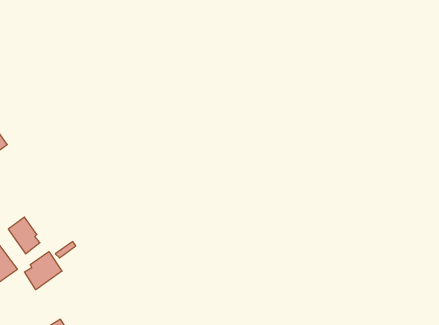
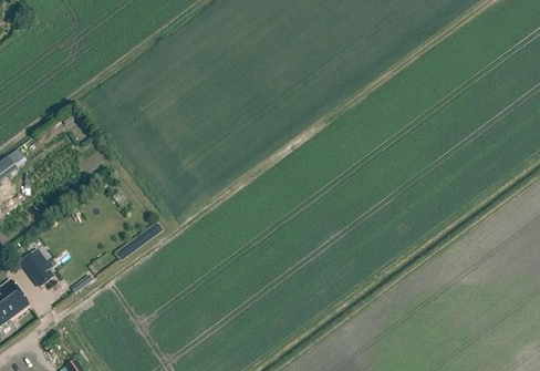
building: [24,252,62,290] -> none

